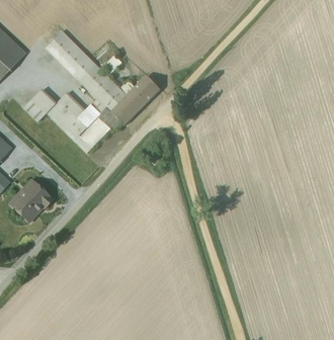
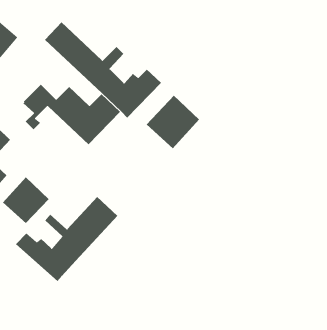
building: none -> [146,95,200,149]
building: none -> [15,196,118,282]

